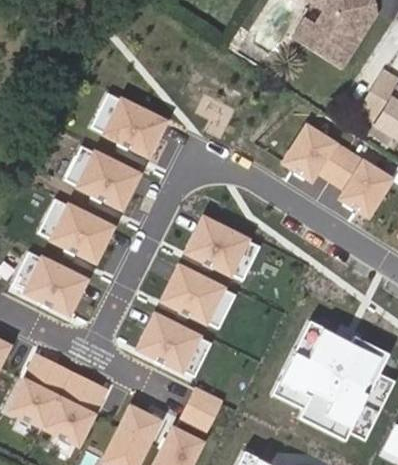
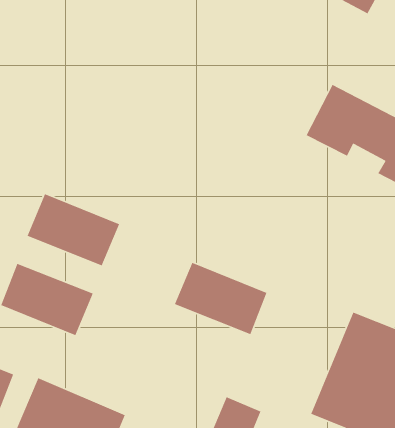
building: [90,91,170,157] -> none
building: [67,148,147,214] -> none
building: [184,217,264,283] -> none
building: [136,312,216,378] -> none

